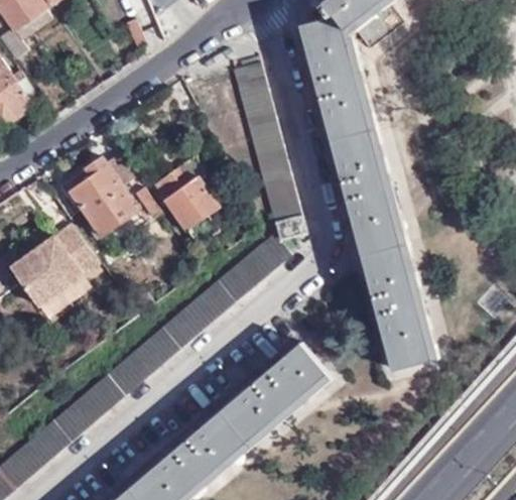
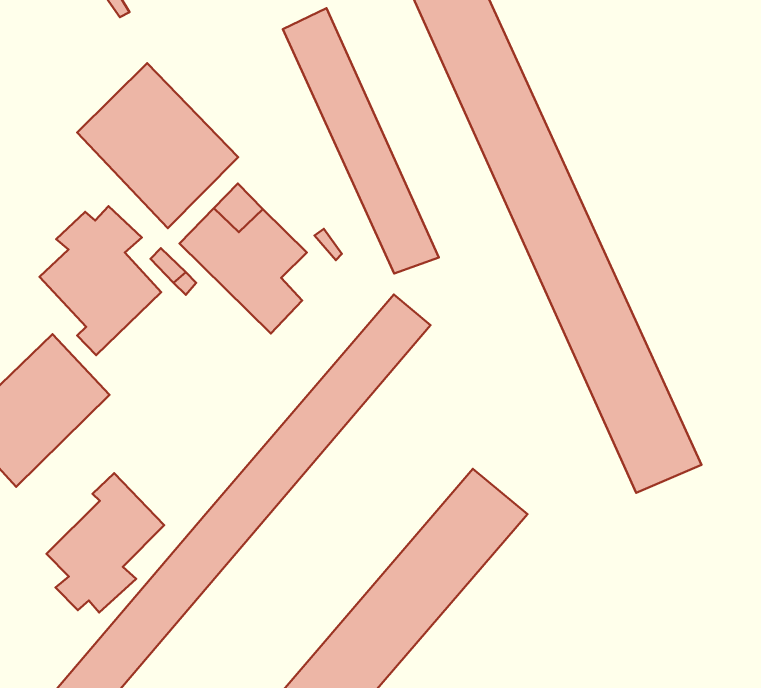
building: none -> [77,63,238,228]
building: none -> [47,473,164,613]

